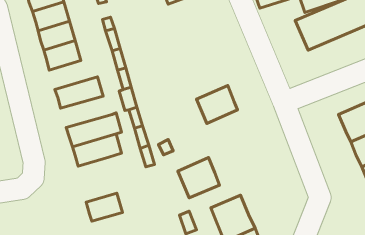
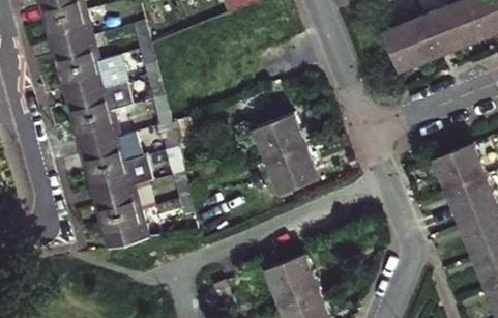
building: none -> [64,78,136,122]
building: none -> [79,129,145,171]
building: [178,158,220,198] -> [267,148,321,200]
building: [86,193,122,221] -> [101,209,148,245]

